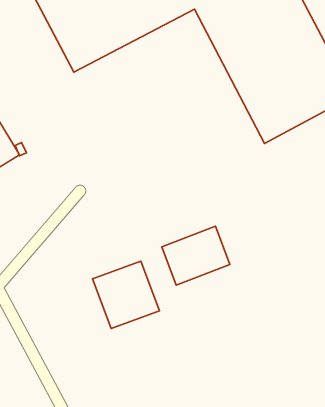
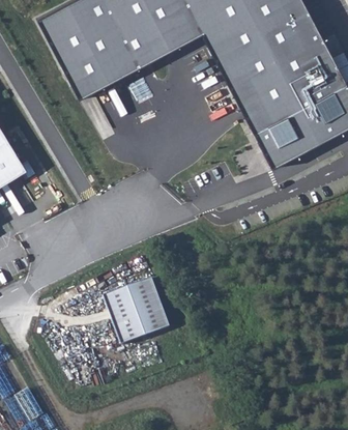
building: [162,226,230,285] -> none

